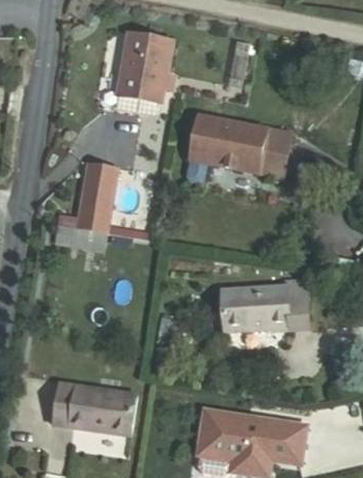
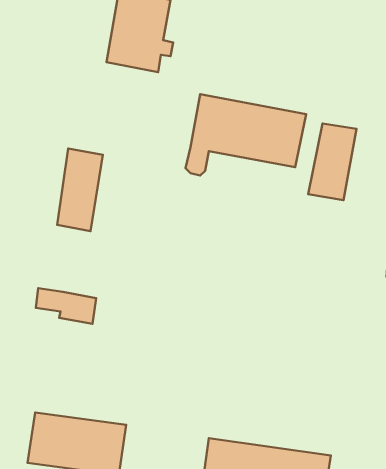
building: none -> [308,123,357,200]
building: [55,224,106,254] -> [36,288,96,324]
building: [221,280,310,336] -> none

